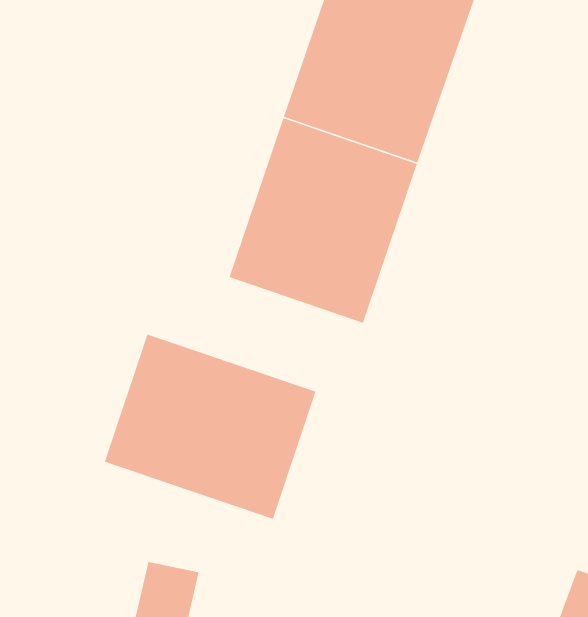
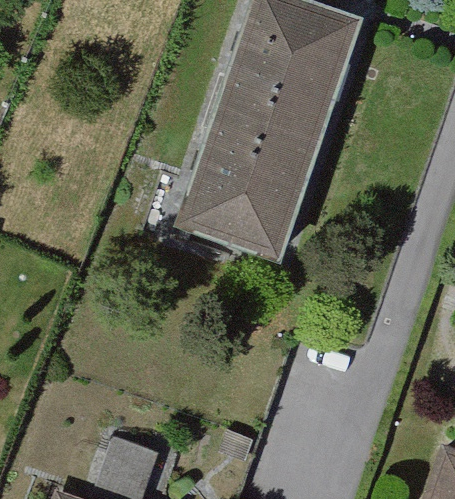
building: [104,334,317,520] -> none

